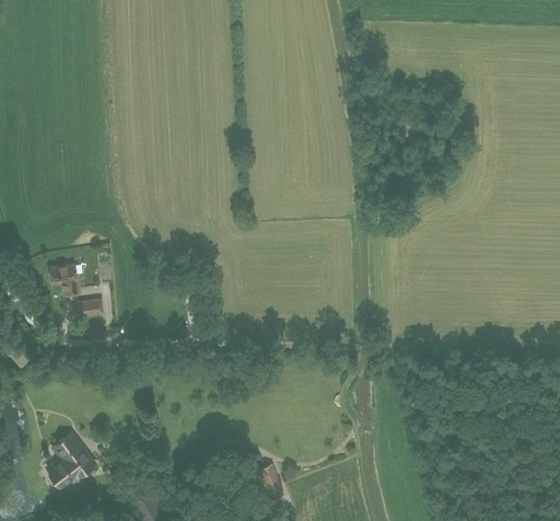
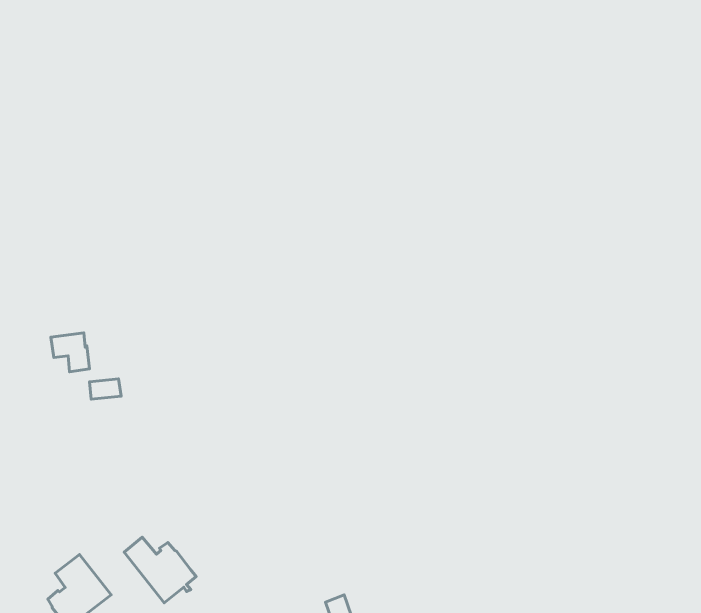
building: none -> [124,537,196,603]

